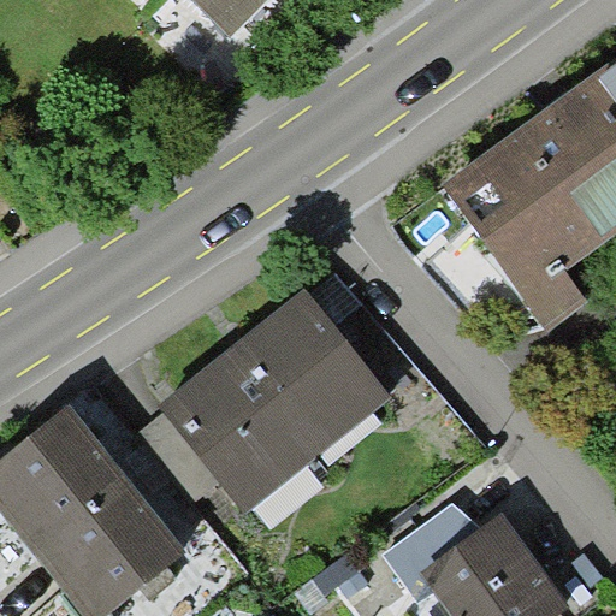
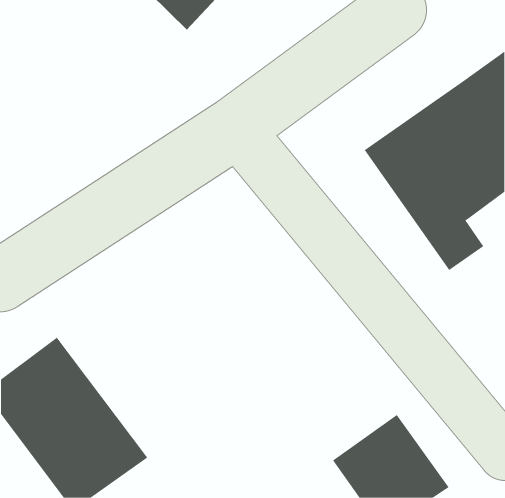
building: [161,290,391,510] -> none

